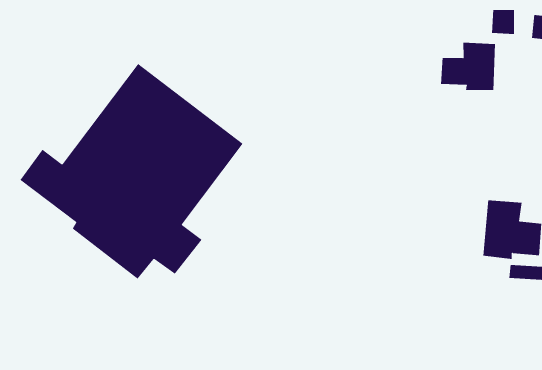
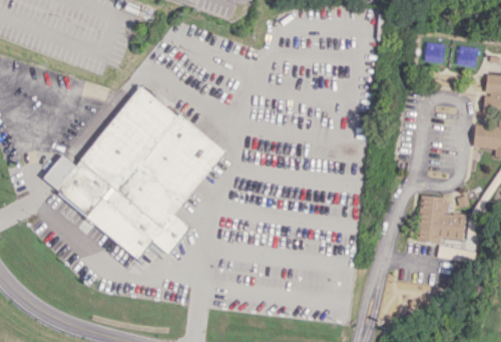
building: [441,42,496,91] -> none

